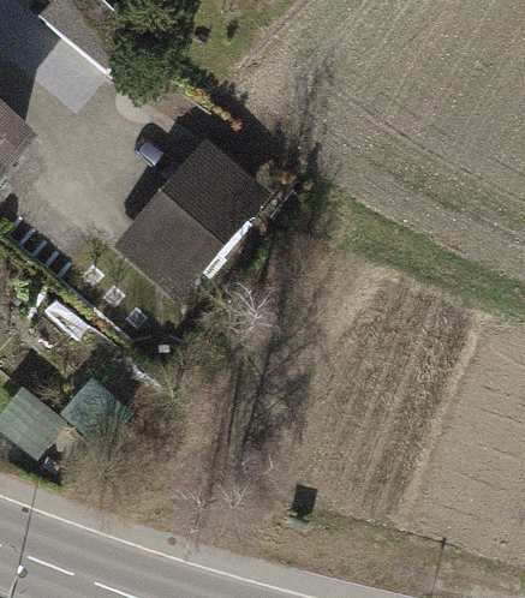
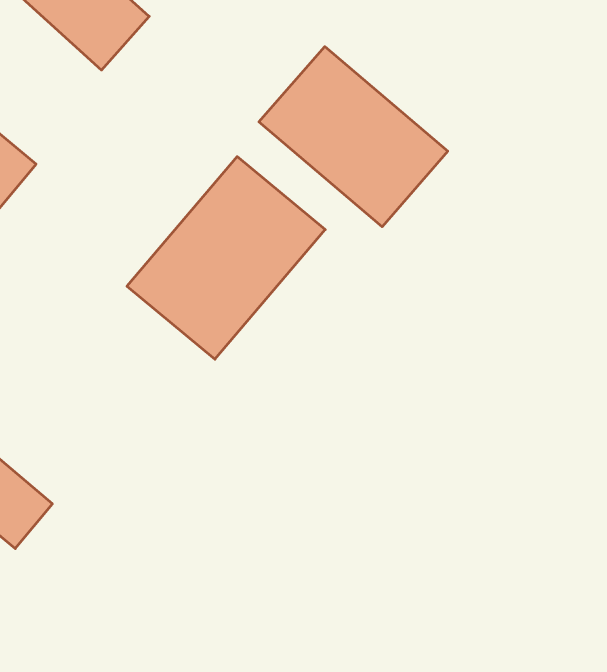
building: none -> [259,47,448,227]

